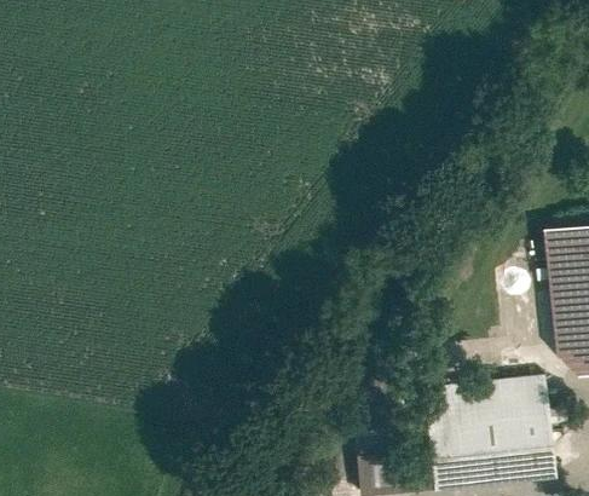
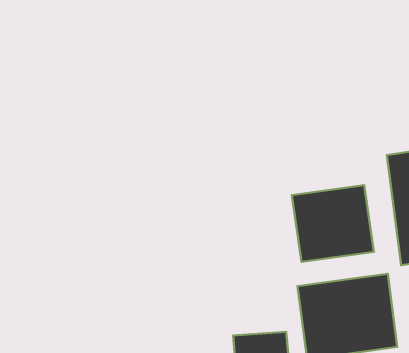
building: none -> [292,185,374,262]

